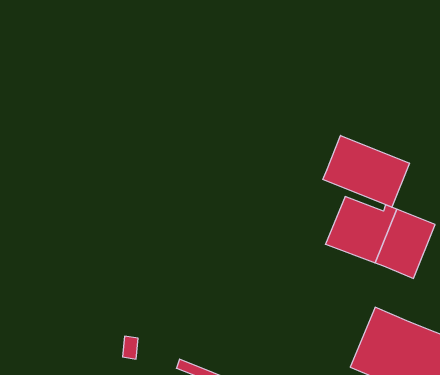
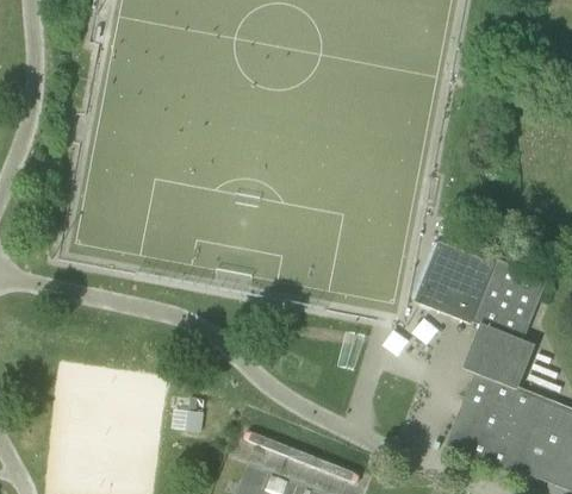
building: [323,135,409,207] -> none
building: none -> [467,326,533,390]

